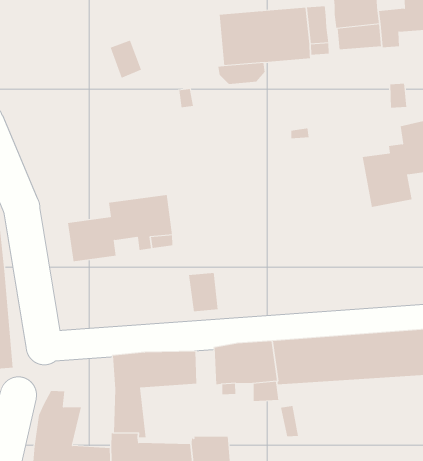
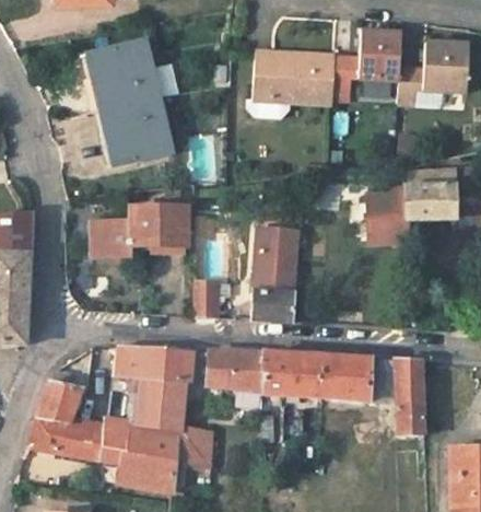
building: none -> [90,40,167,164]
building: none -> [253,226,301,322]
building: none -> [138,377,190,430]

